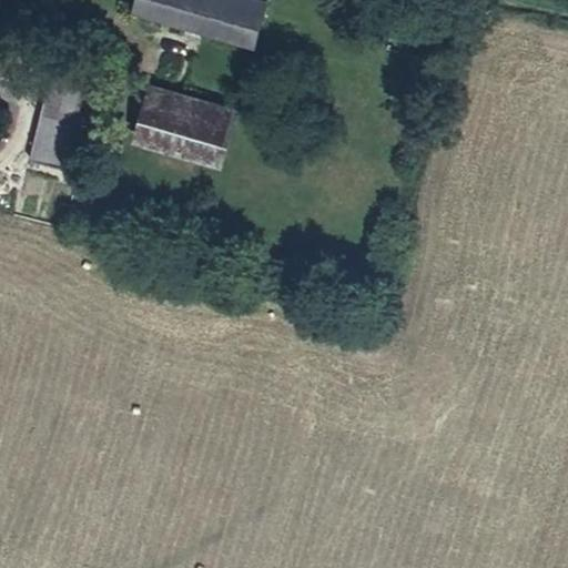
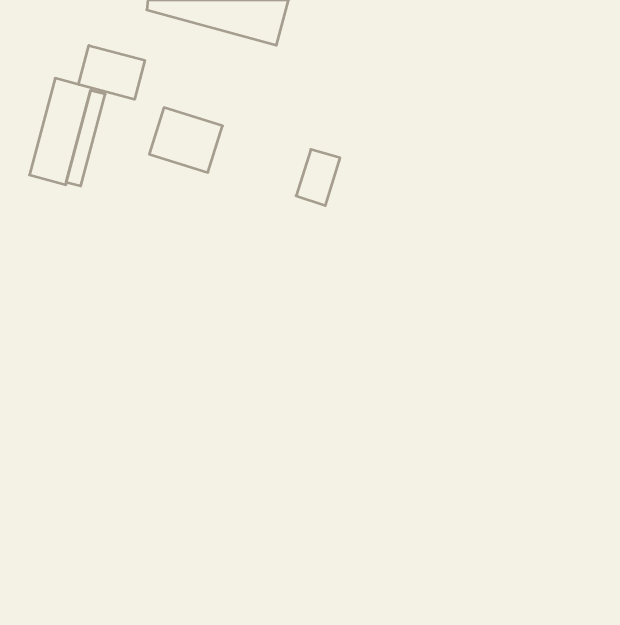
building: none -> [79,45,145,99]
building: [189,114,229,165] -> [296,149,340,206]

